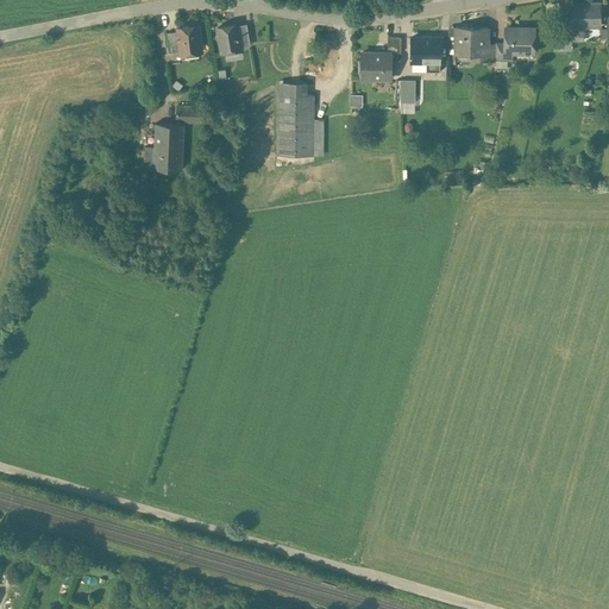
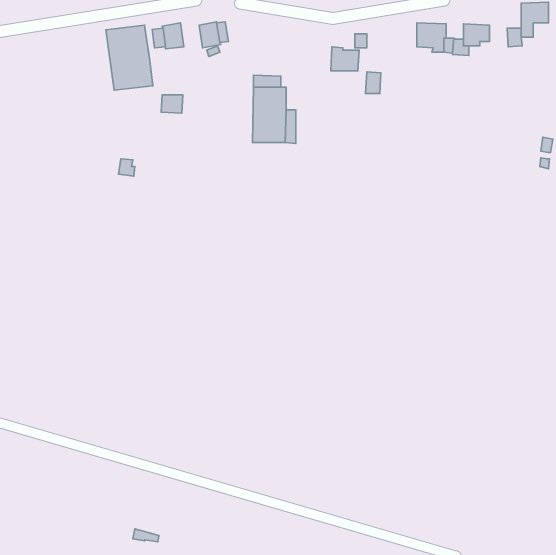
building: none -> [106,25,153,90]
building: [413,38,442,71] -> none
building: [153,125,184,168] -> none

